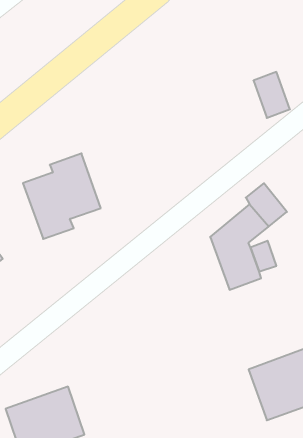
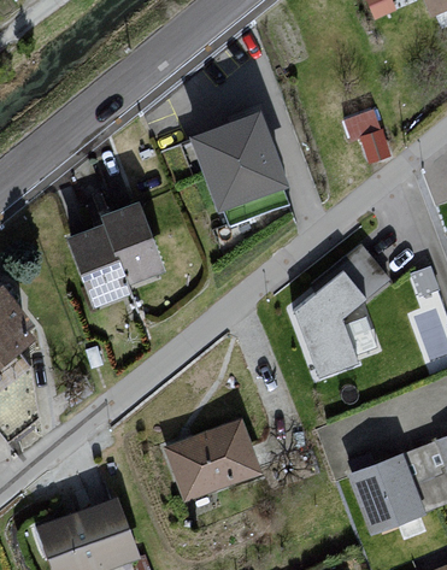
building: none -> [190,108,288,207]
building: none -> [164,422,260,504]

